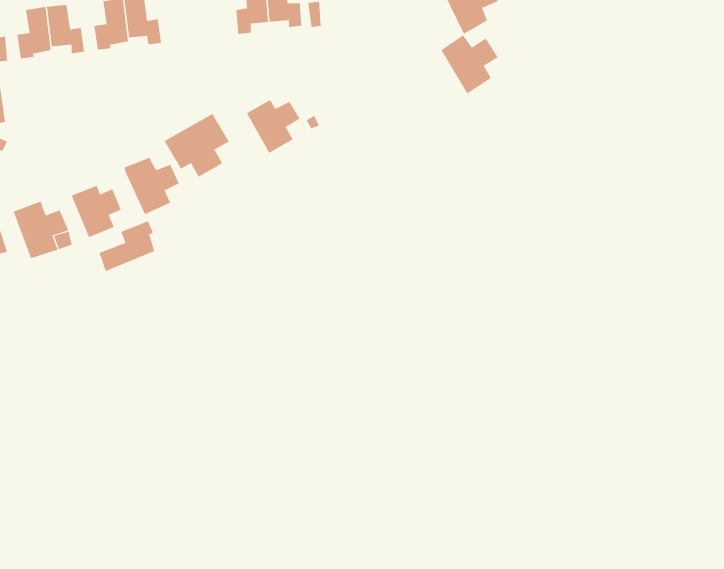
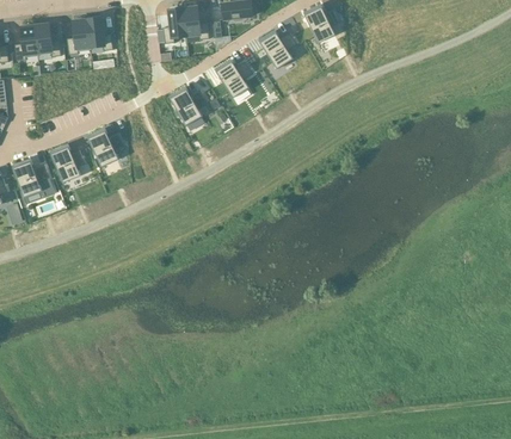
building: [441,34,499,94] -> [258,27,297,68]
building: none -> [214,57,253,97]
building: [164,113,229,178] -> none
building: [99,220,155,272] -> none

